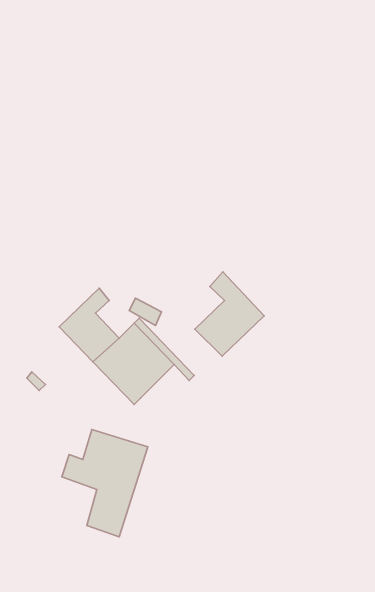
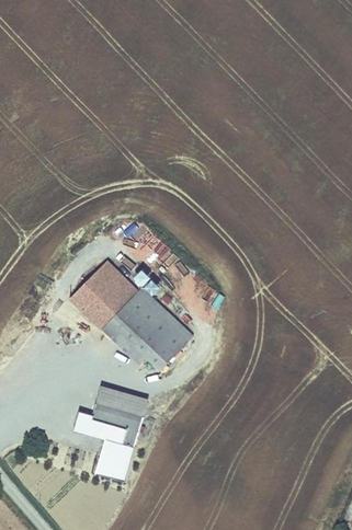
building: [195,272,264,356] -> none
building: none -> [104,270,138,306]
building: none -> [144,329,186,372]

